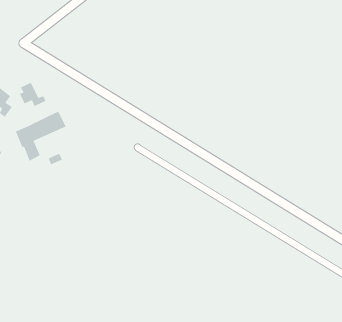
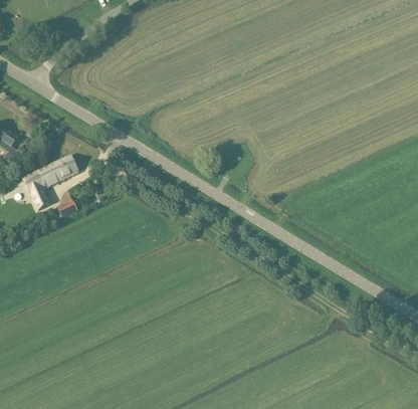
building: [19,82,46,107] -> none

